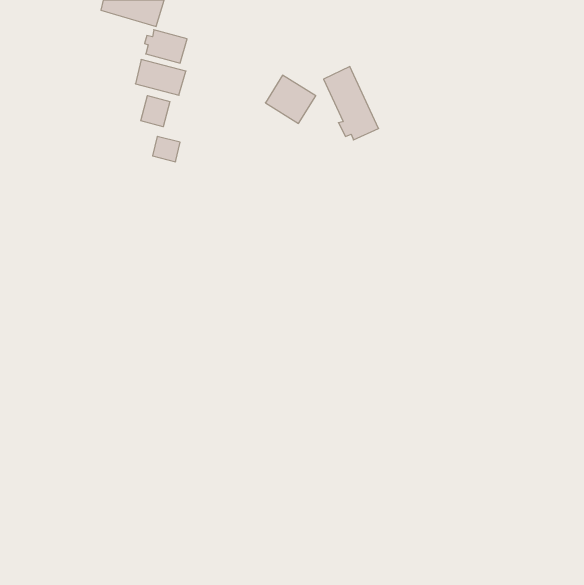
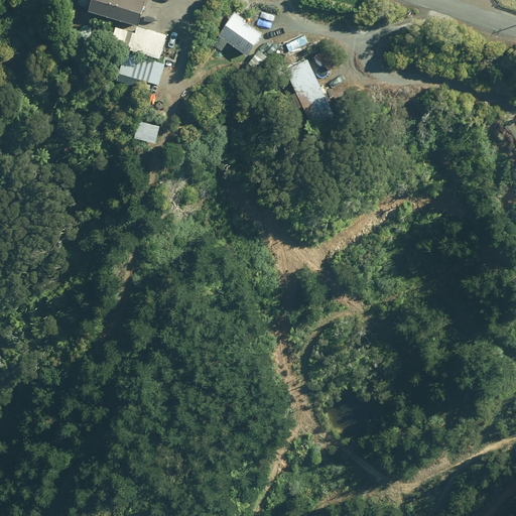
building: [265,75,316,123] -> [217,13,261,55]
building: [141,96,170,127] -> none

